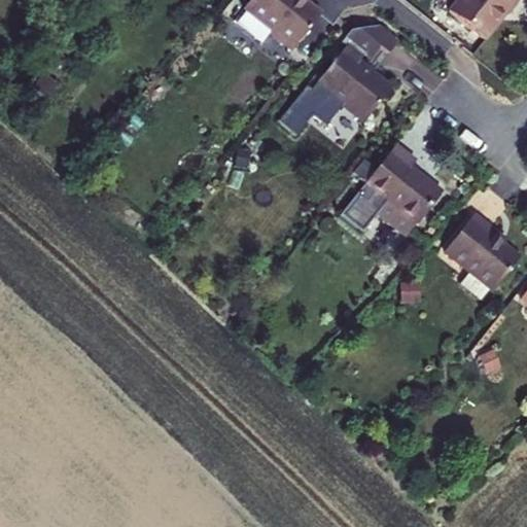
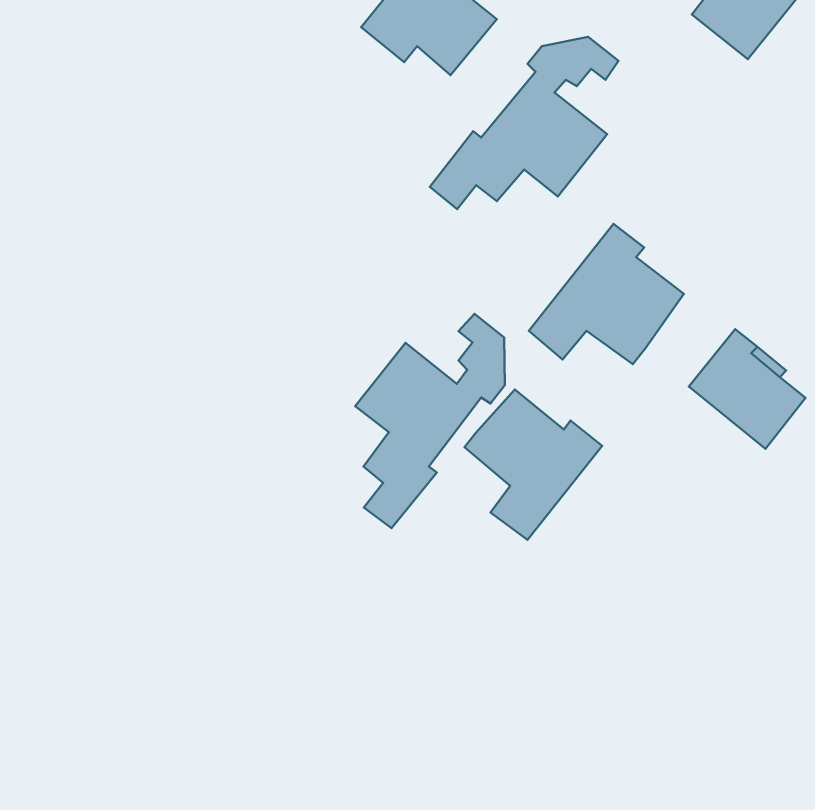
building: none -> [355,314,505,528]
building: none -> [465,390,602,540]

